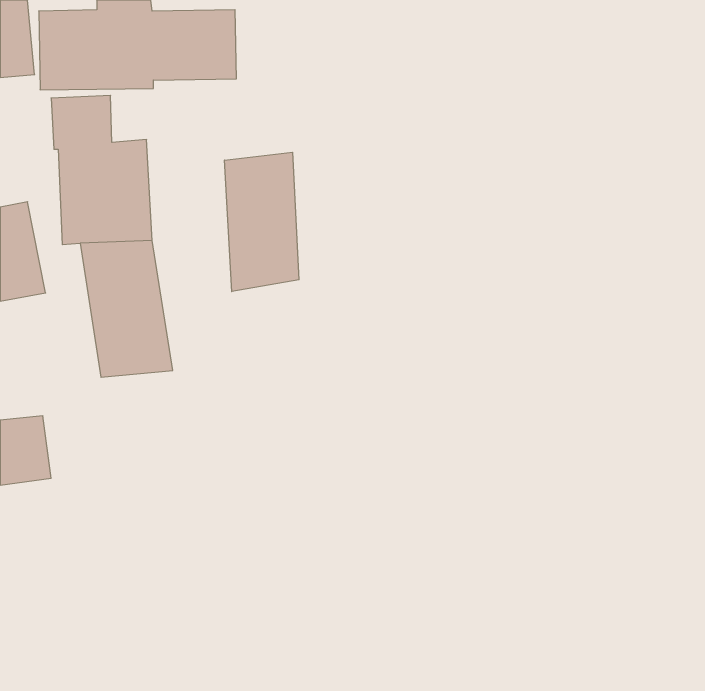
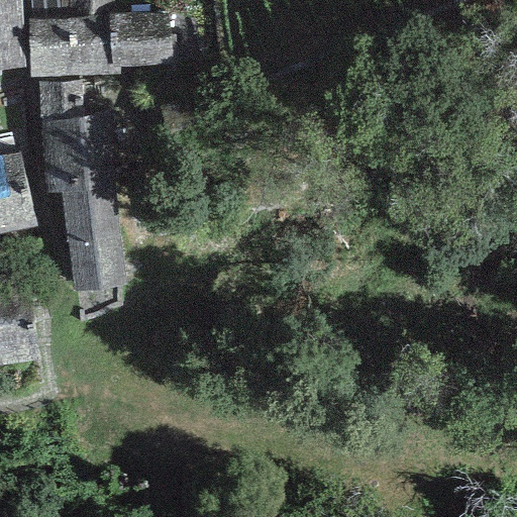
building: [225,152,299,292] -> none

